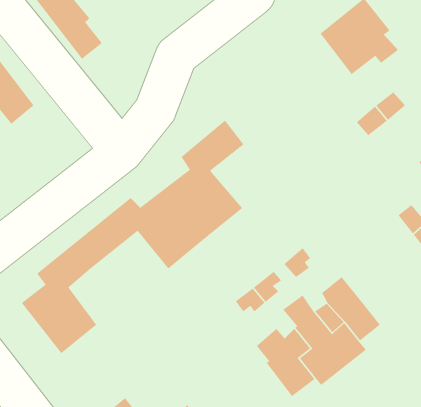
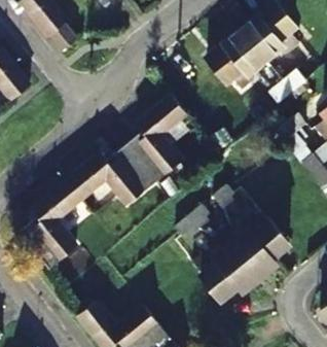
building: none -> [205,34,263,95]

